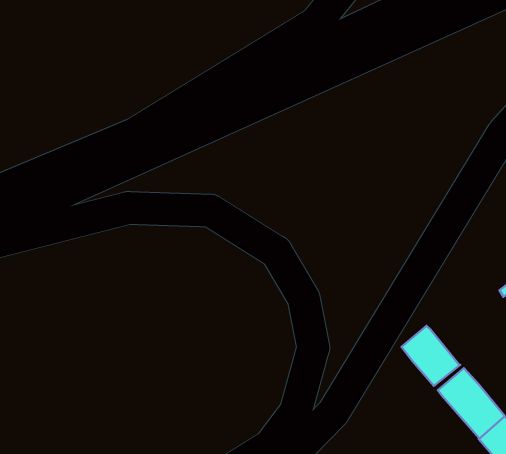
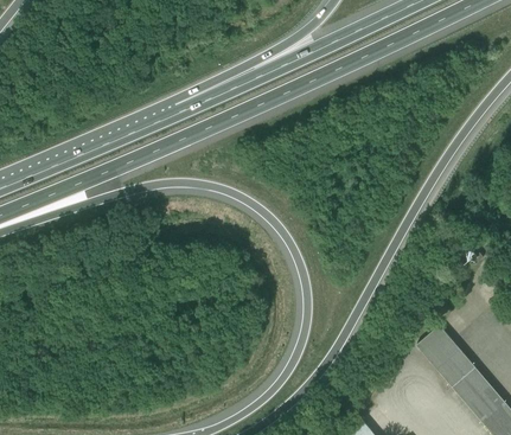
building: [402,326,460,386] -> none

